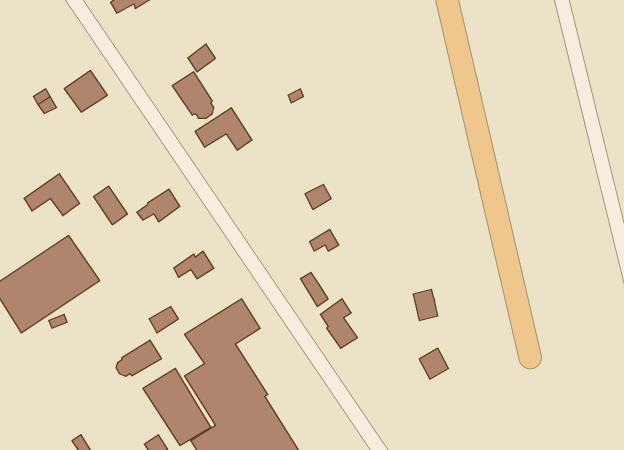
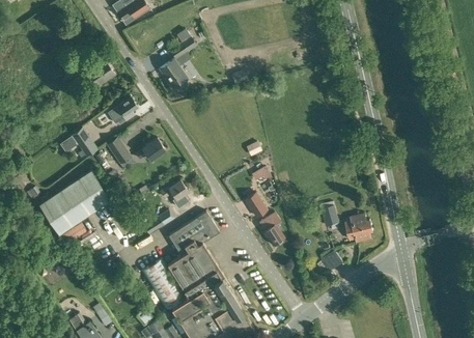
building: [195,108,252,150] -> none
building: none -> [108,96,138,124]
building: none -> [345,215,373,243]
building: [116,340,161,376] -> none

